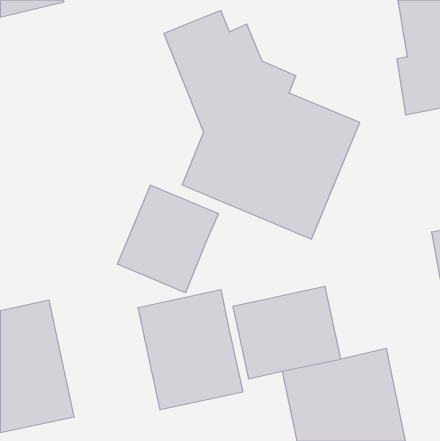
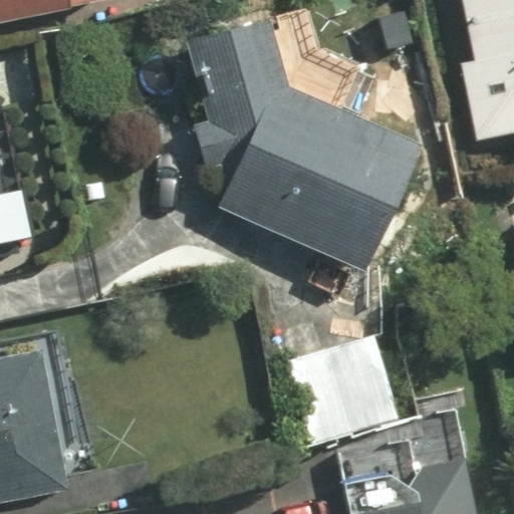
building: [117,185,219,293] -> none
building: [138,290,243,410] -> none

